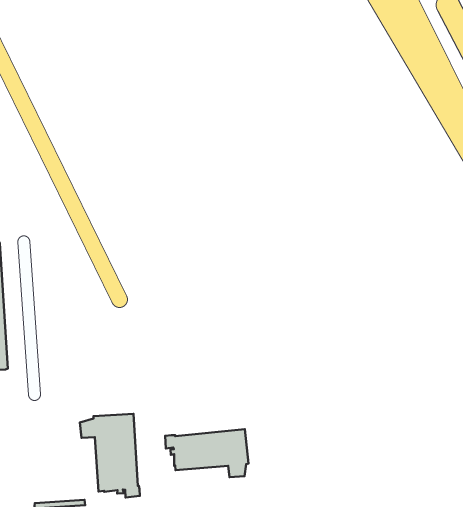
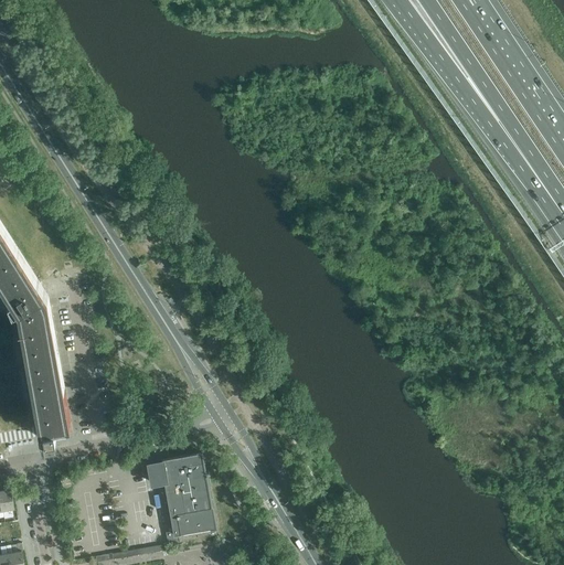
building: [165,429,248,477] -> none

